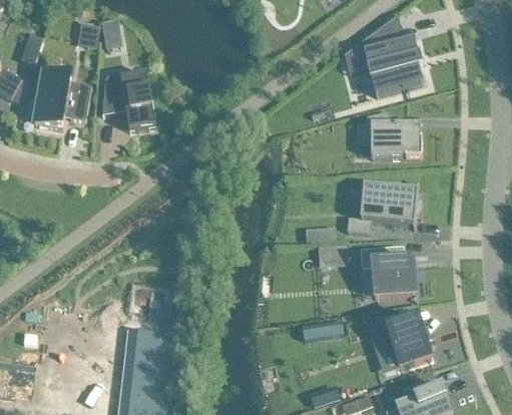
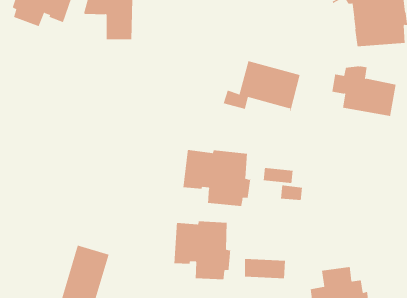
building: [346,185,417,234] -> [223,60,301,111]
building: none -> [183,149,251,207]
building: [361,248,416,298] -> none
building: none -> [174,221,231,280]

